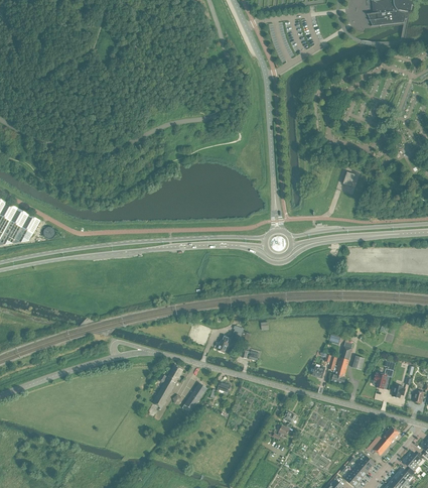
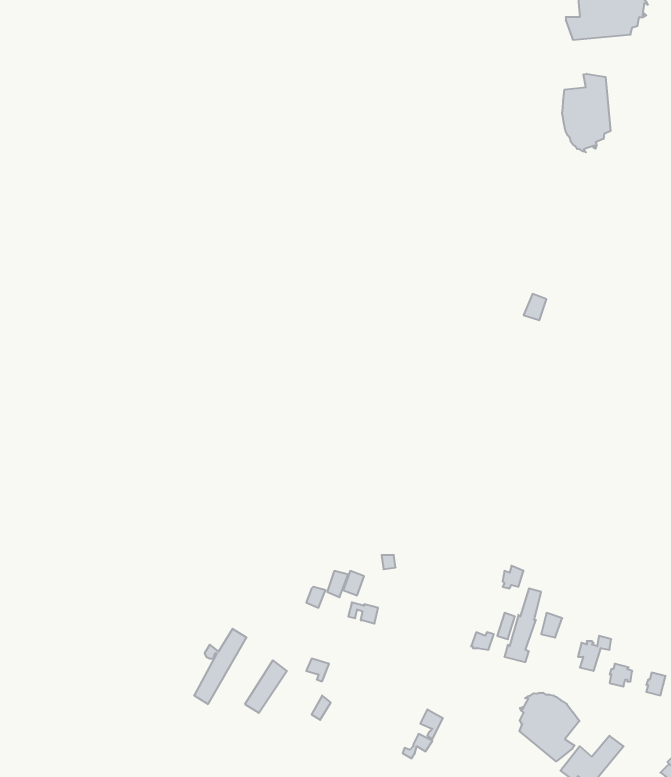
building: none -> [562,74,610,152]
building: none -> [519,693,580,761]

